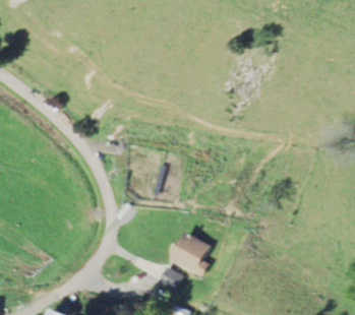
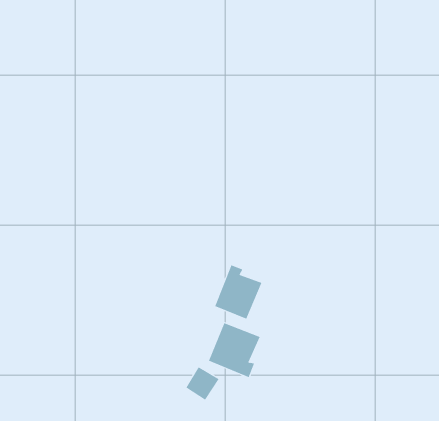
building: none -> [214,264,262,320]

